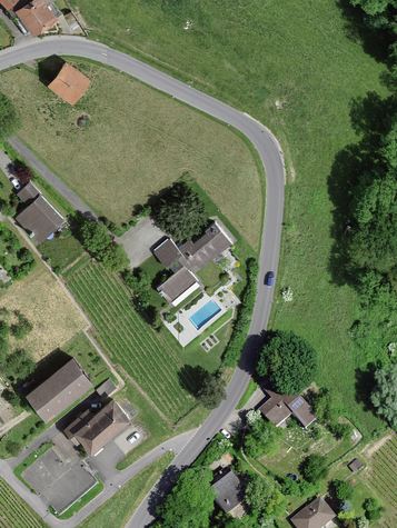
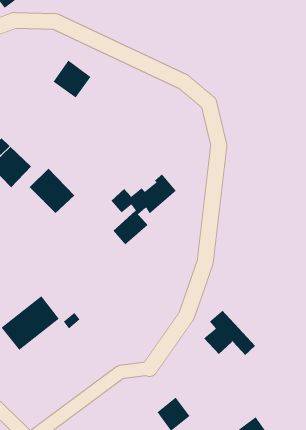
building: [44,61,89,106] -> [53,59,92,98]
building: none -> [29,168,75,214]
building: [64,400,133,457] -> none

